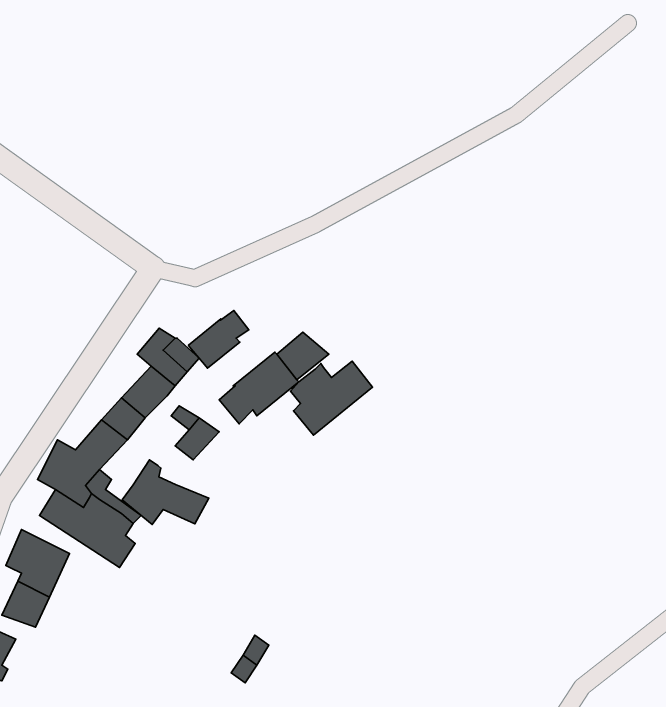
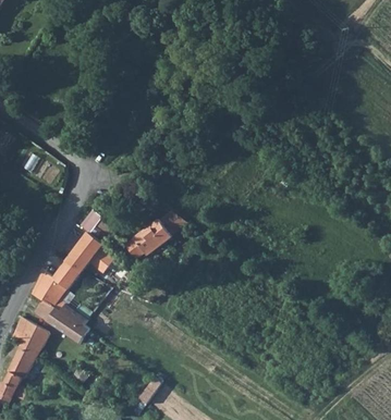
building: [188,310,249,368] -> none
building: [291,361,373,435] -> none
building: [122,460,209,524] -> none

